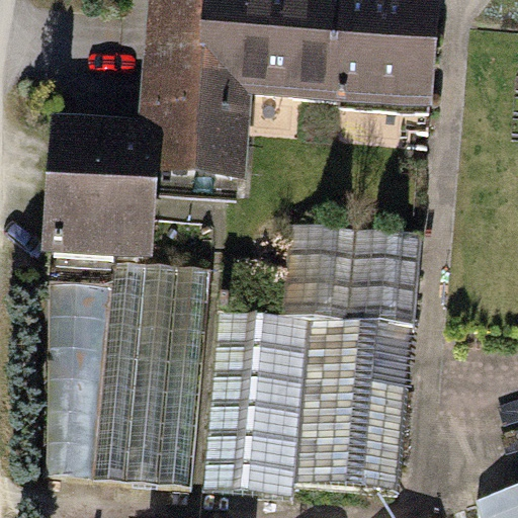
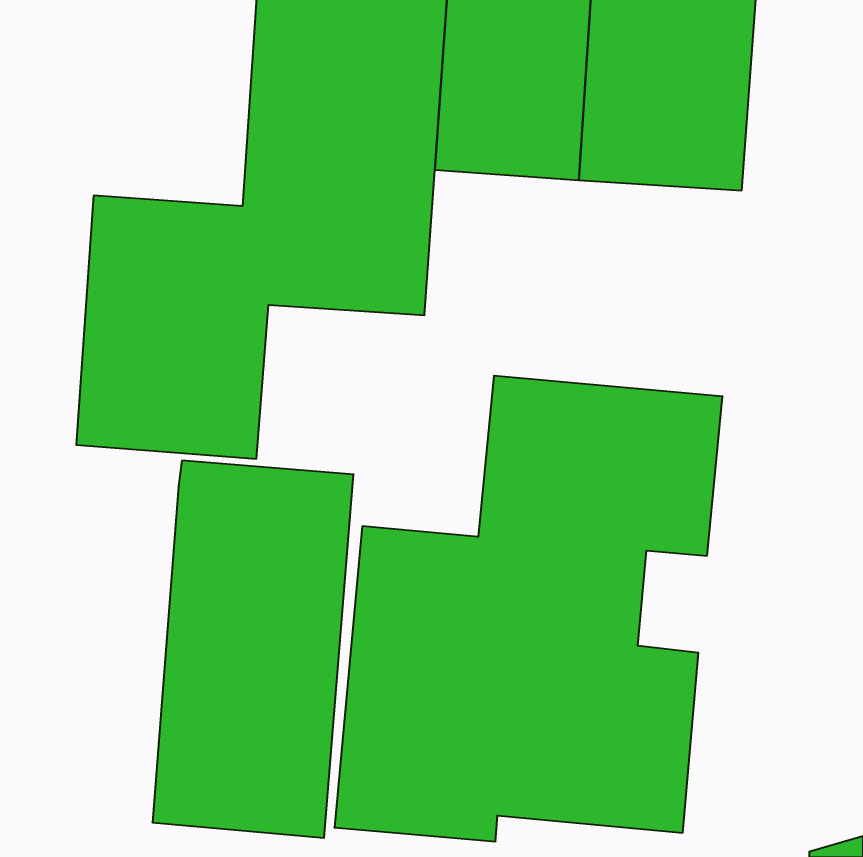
building: [32,279,104,481] -> none

